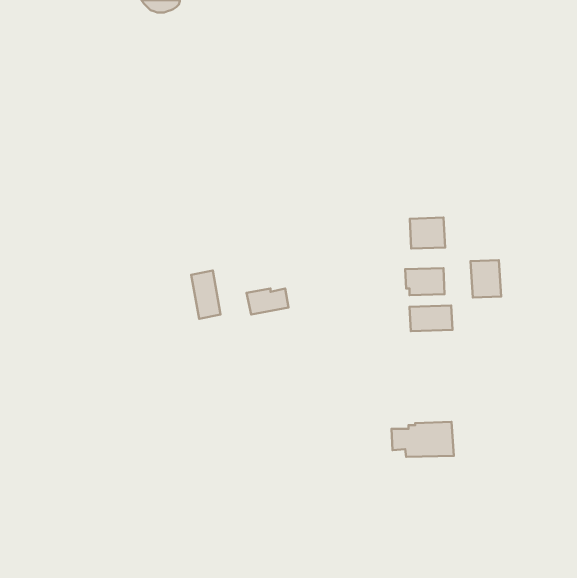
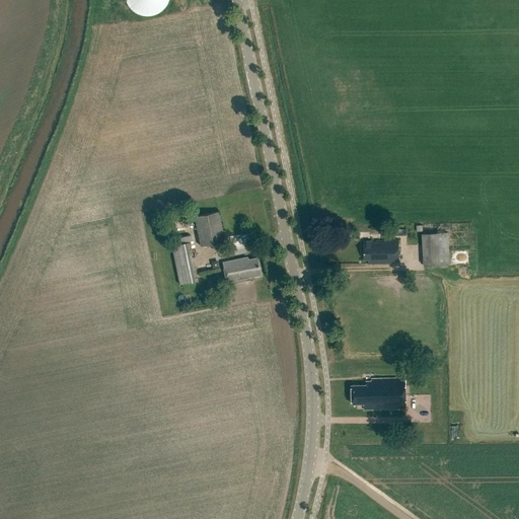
building: [410,218,445,248] -> none
building: none -> [194,212,224,246]
building: [409,305,453,331] -> none

